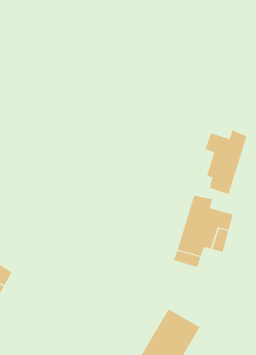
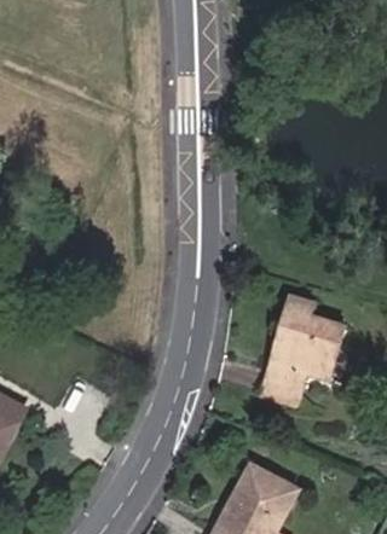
building: [205,129,247,195] -> none

